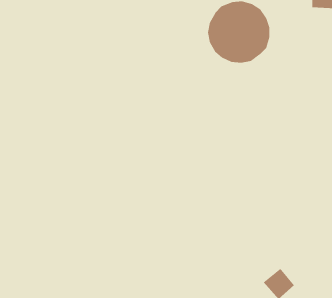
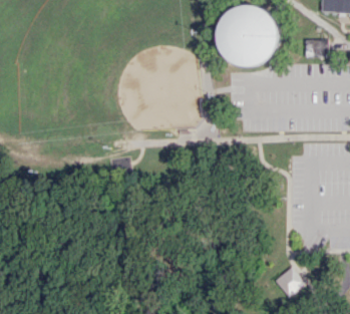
building: none -> [304,38,325,56]

